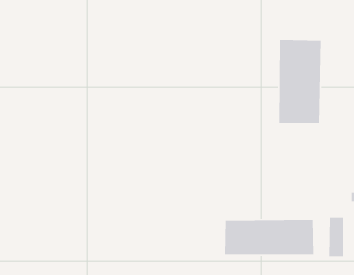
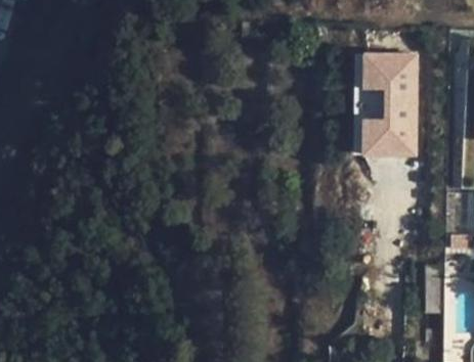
building: [224,219,314,255] -> none

